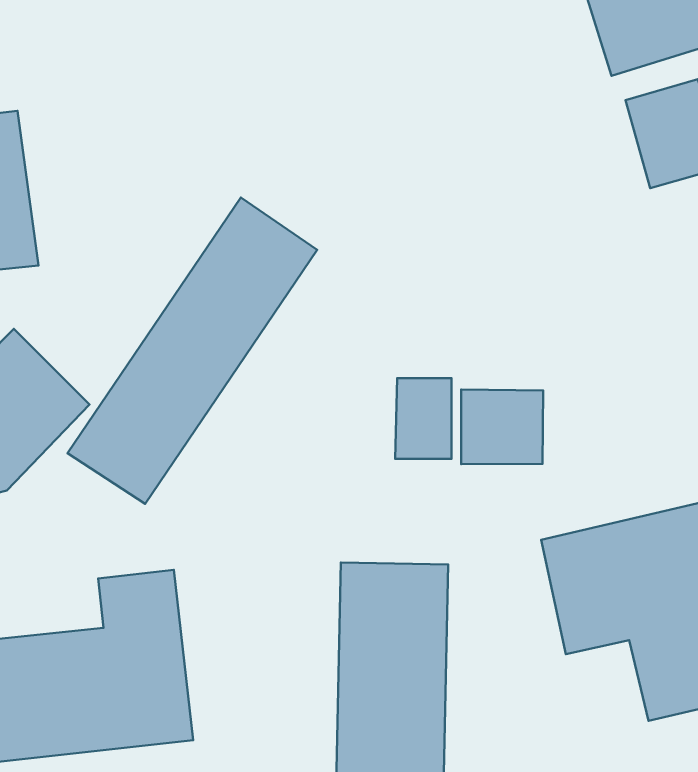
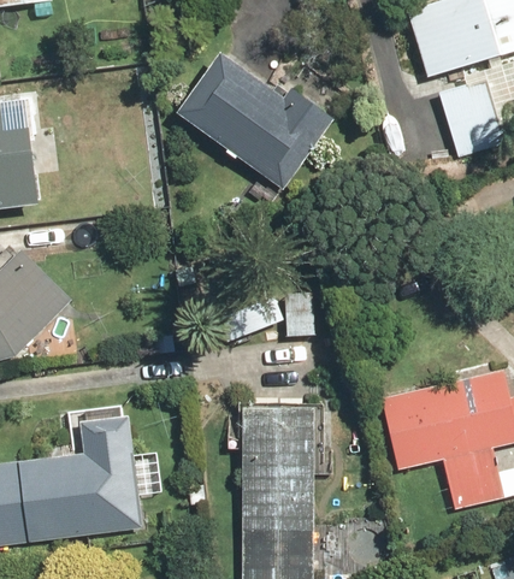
building: none -> [173,52,333,190]
building: [68,198,317,504] -> none
building: [461,389,543,464] -> none

